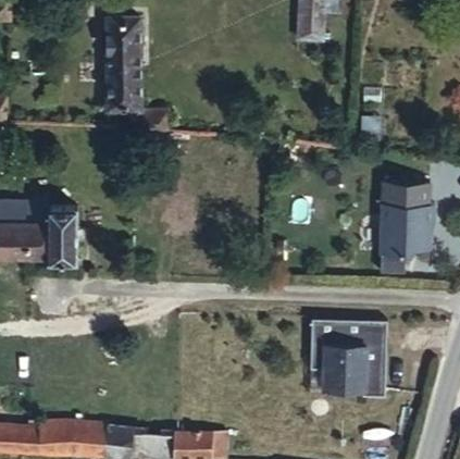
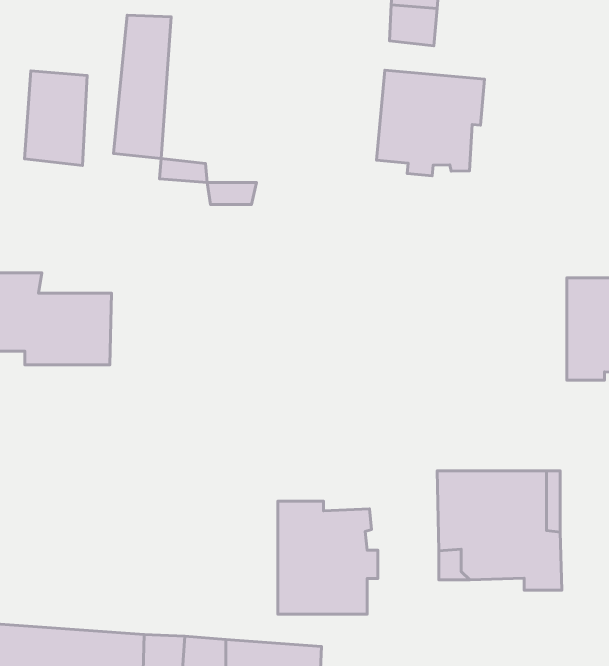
building: none -> [376,70,485,176]
building: none -> [24,71,87,166]
building: none -> [278,501,378,614]

